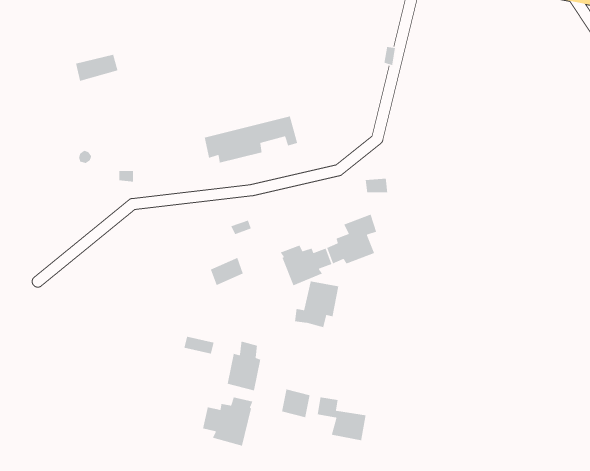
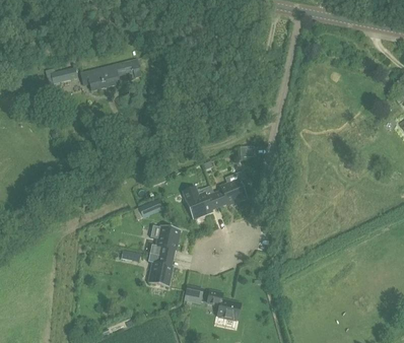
building: [204,115,298,164] -> [80,58,142,89]
building: [294,280,341,328] -> [150,225,181,257]
building: [202,396,254,448] -> none

